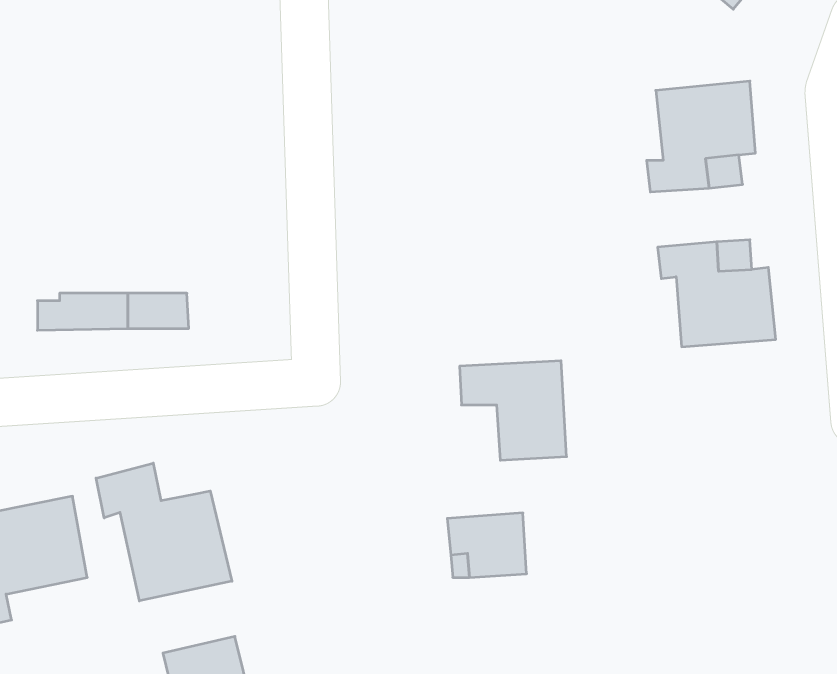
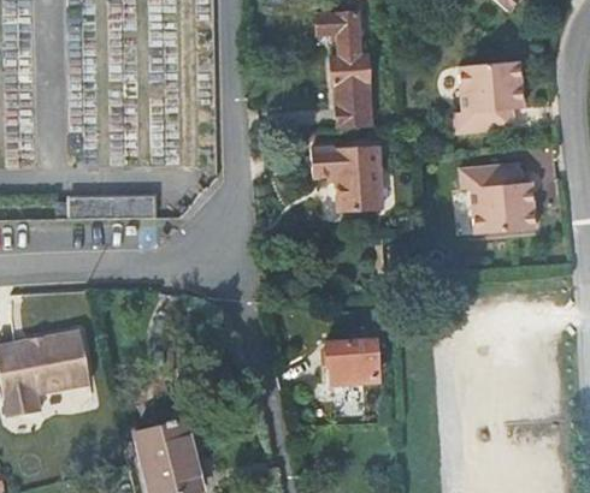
building: none -> [314,12,368,124]
building: [460,361,567,460] -> [309,147,379,212]
building: [96,463,232,601] -> none

